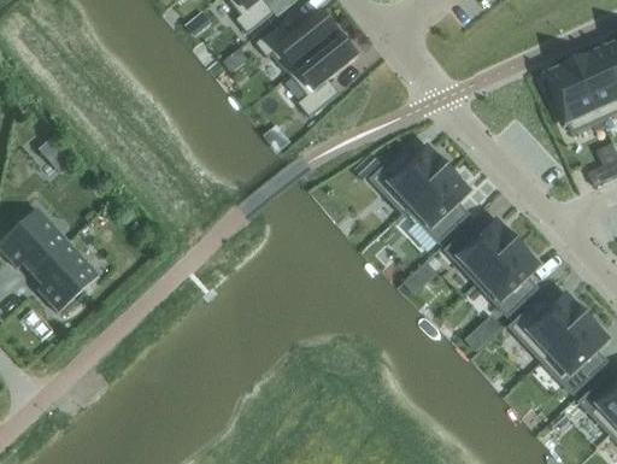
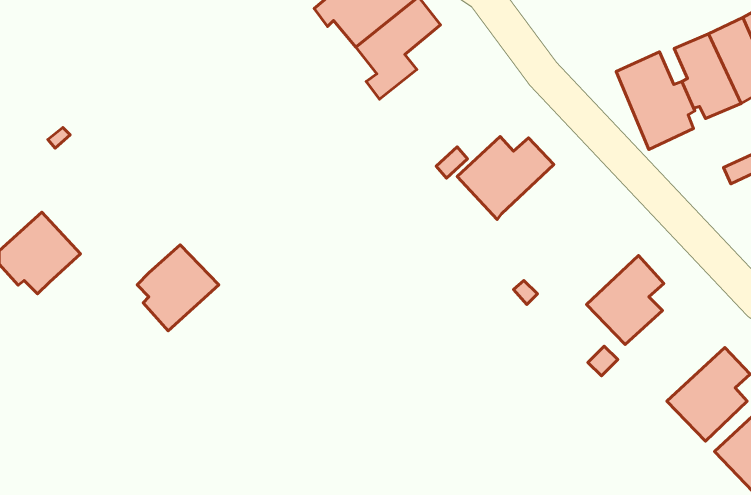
building: none -> [616,52,695,149]
building: [409,168,471,240] -> none
building: [447,219,519,281] -> none
building: [33,240,99,310] -> [137,245,219,331]
building: [511,292,589,359] -> none

